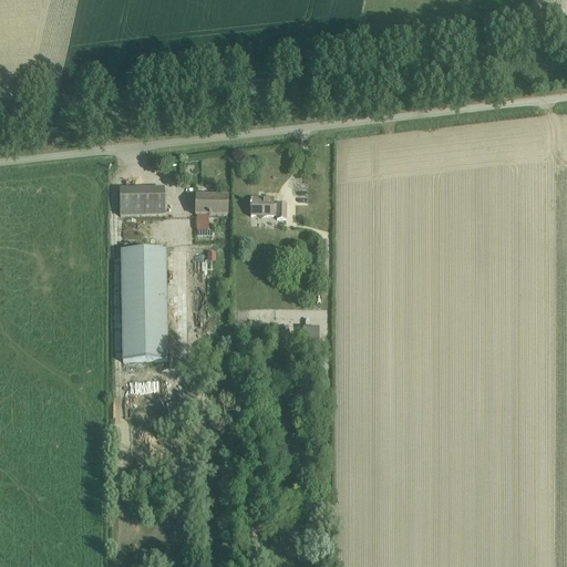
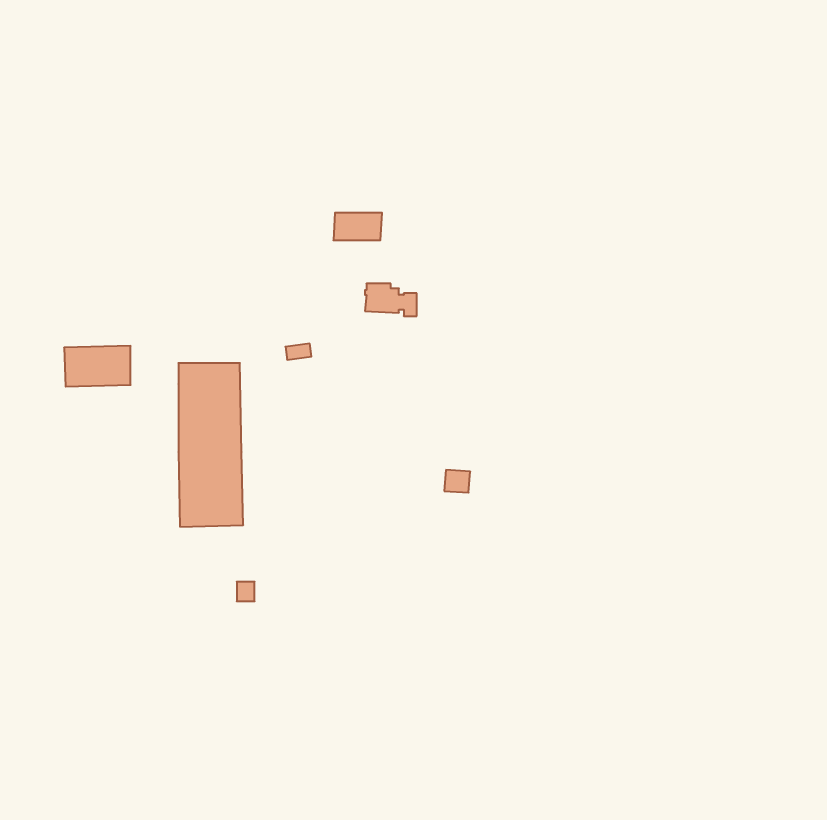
building: [118,185,164,213] -> [64,346,131,387]
building: [194,193,227,212] -> [333,213,382,240]

